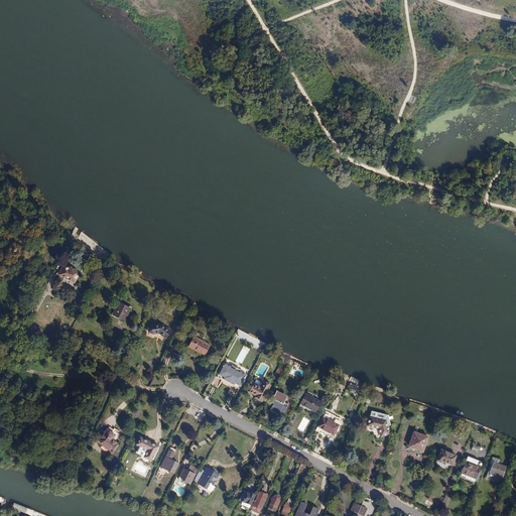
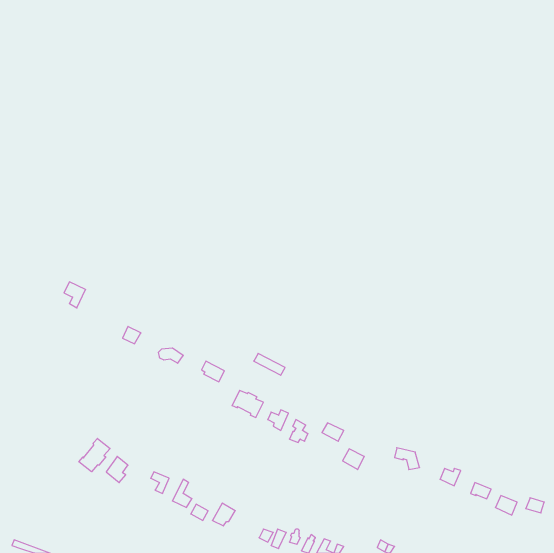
building: none -> [79,438,110,472]

